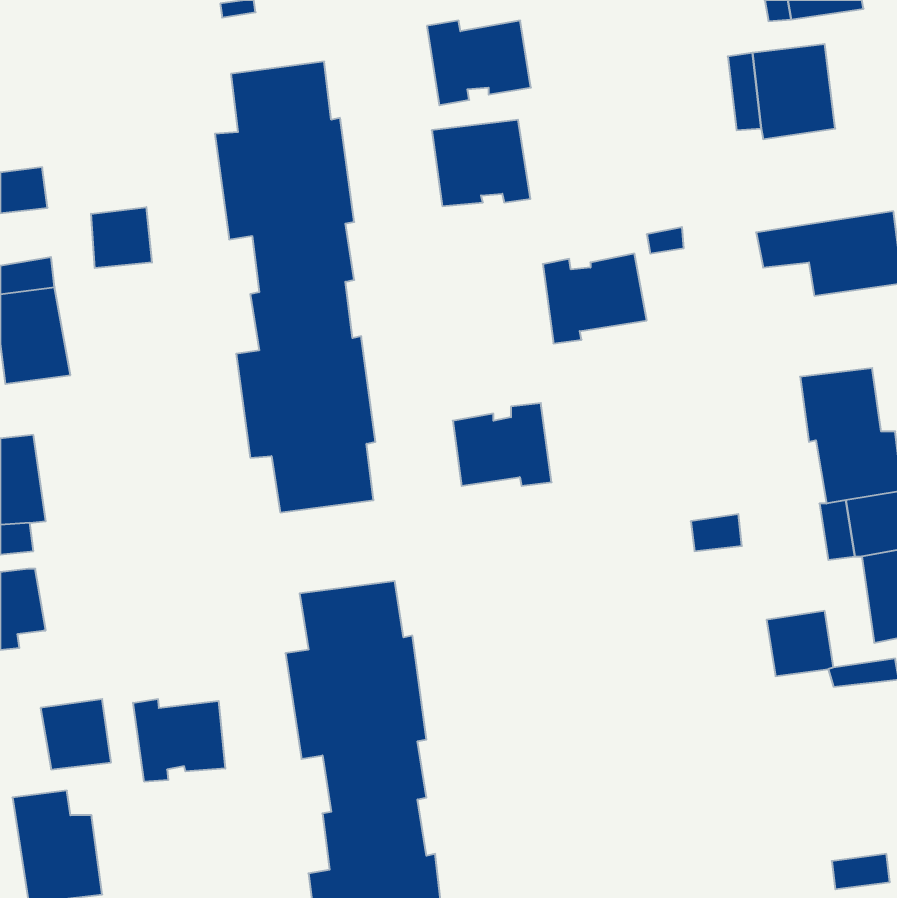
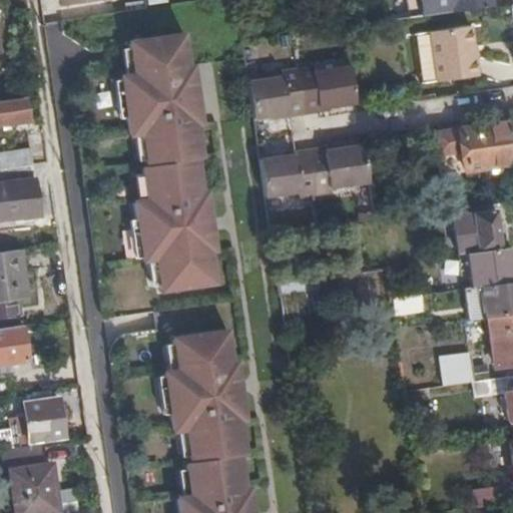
building: [427,21,531,105] -> [297,66,356,114]
building: [91,207,152,268] -> none
building: [453,403,552,486] -> [261,151,317,198]
building: [133,699,225,782] -> none

